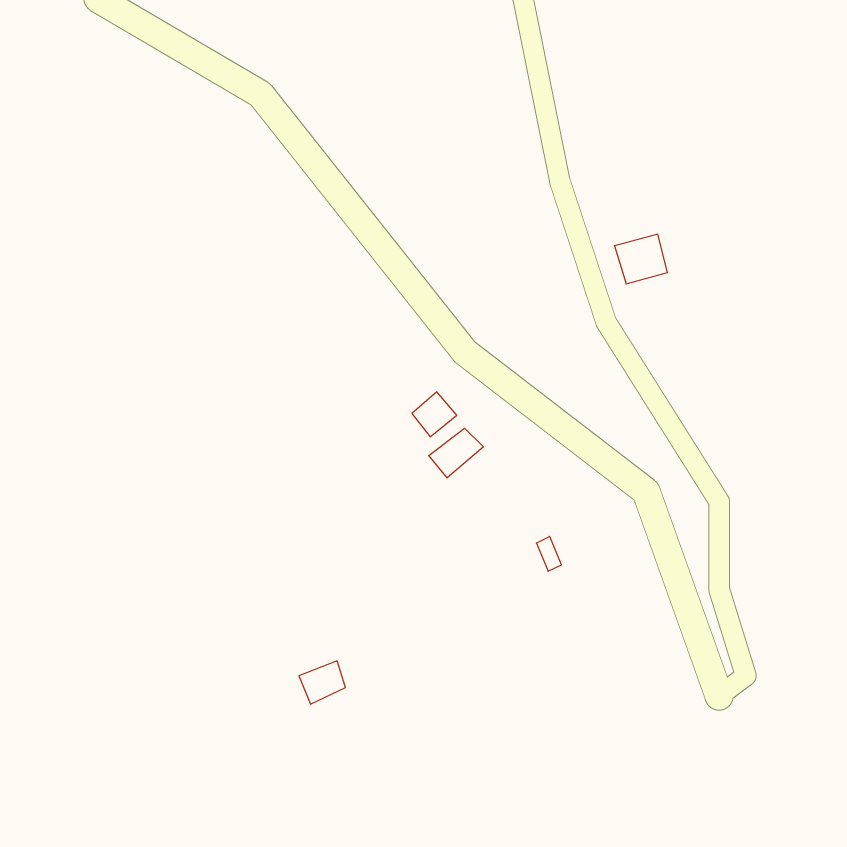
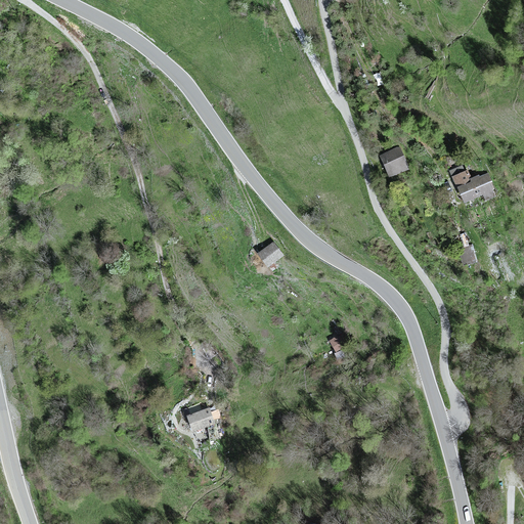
building: none -> [452,172,494,205]
building: [429,428,483,478] -> none

